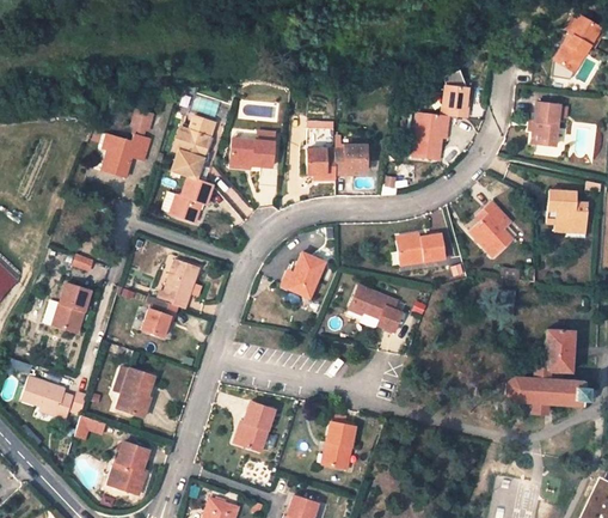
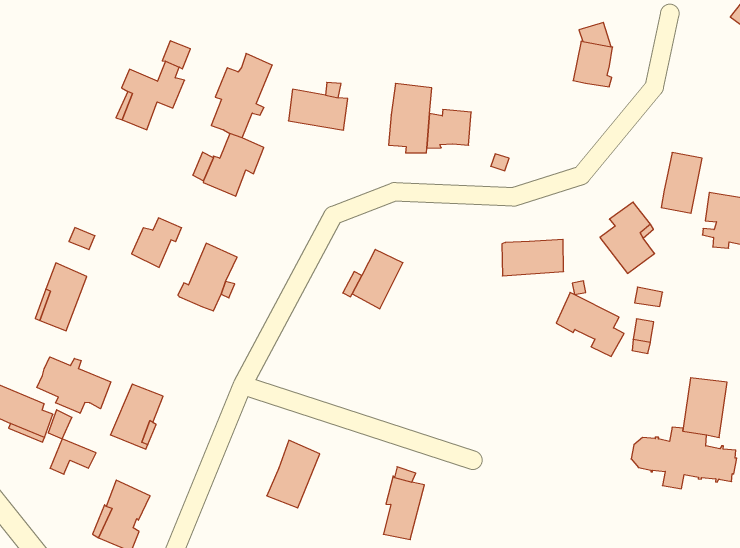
building: [532,102,559,146] -> [661,153,702,213]
building: [412,112,449,159] -> none
building: [350,286,401,331] -> [556,292,624,356]
building: [141,301,177,339] -> [132,218,182,267]
building: none -> [37,357,111,413]

